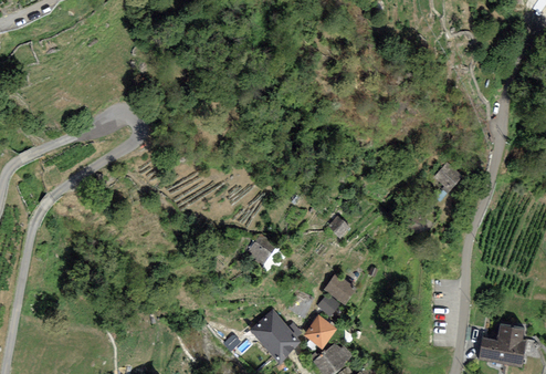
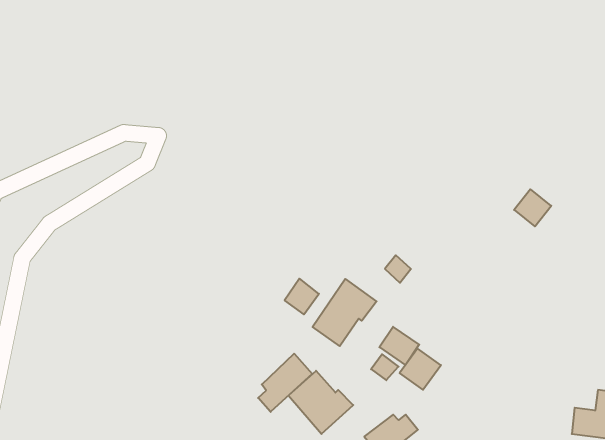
building: none -> [313,279,377,346]
building: none -> [258,354,312,412]
building: [304,314,337,347] -> [400,349,441,390]

